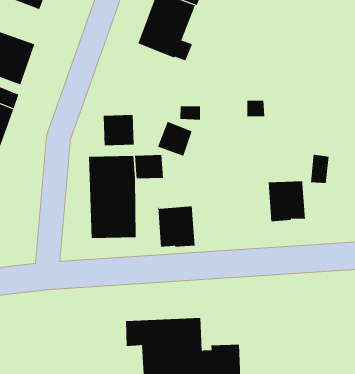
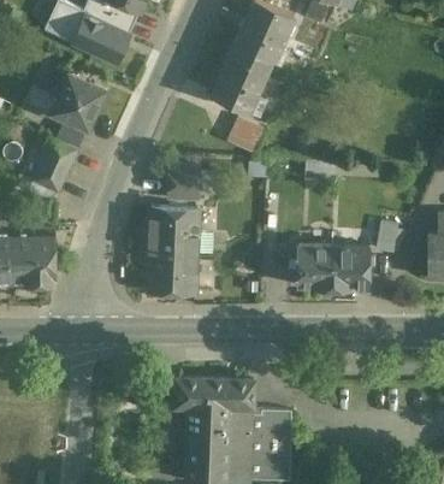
building: [157,121,193,156] -> [225,117,262,154]
building: [157,206,195,247] -> [296,246,332,288]

